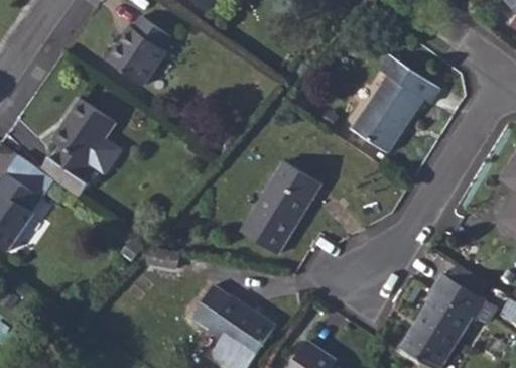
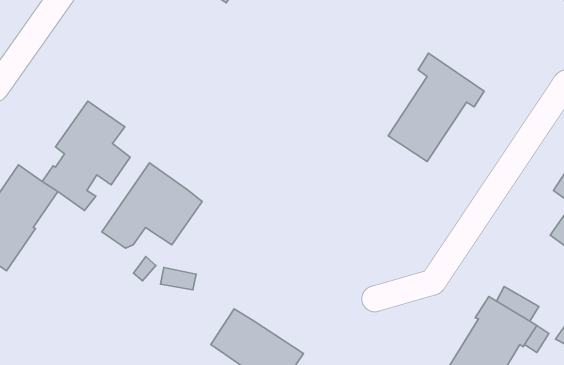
building: [107,16,171,85] -> none
building: none -> [102,163,202,248]
building: [241,161,320,254] -> none

